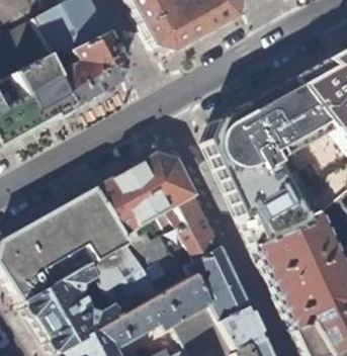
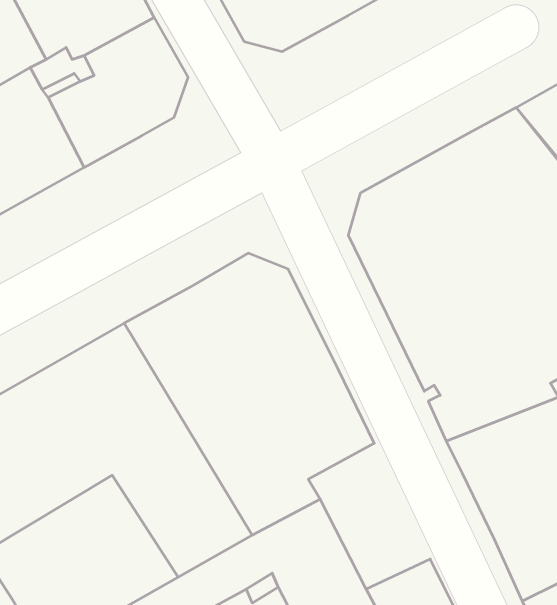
building: [188,247,250,321] -> none

